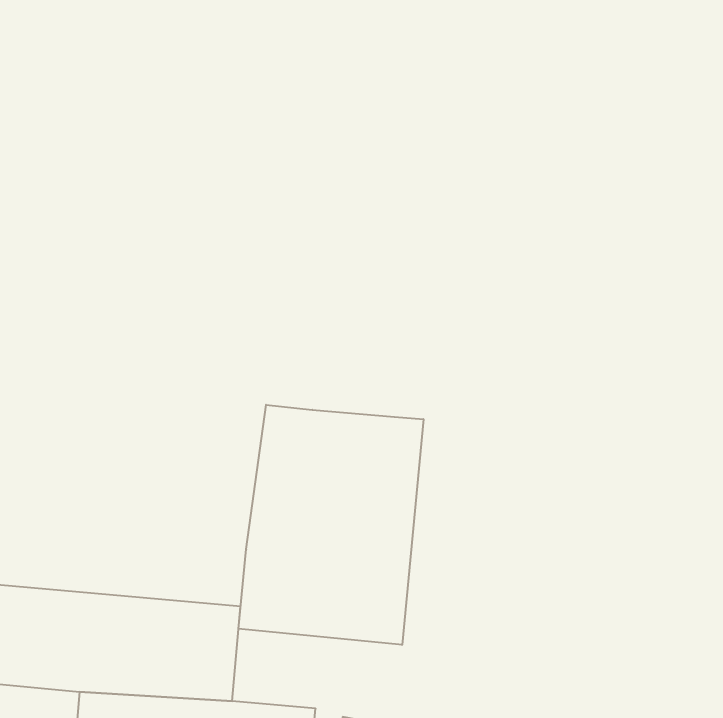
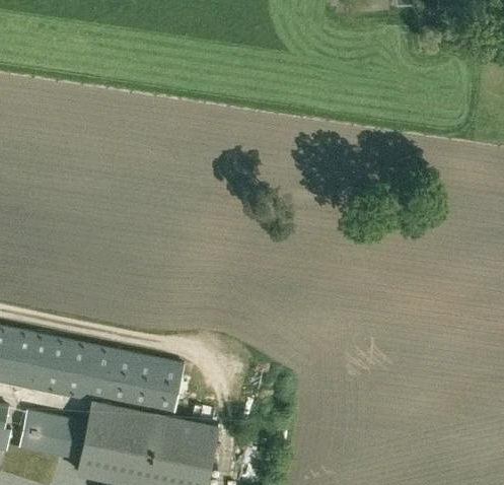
building: [238,405,423,645] -> none

